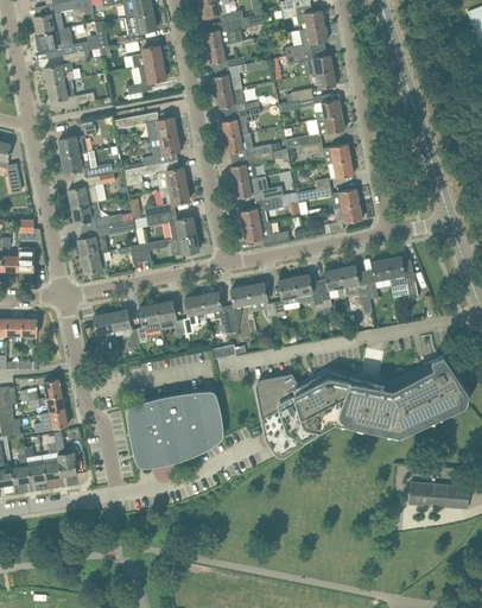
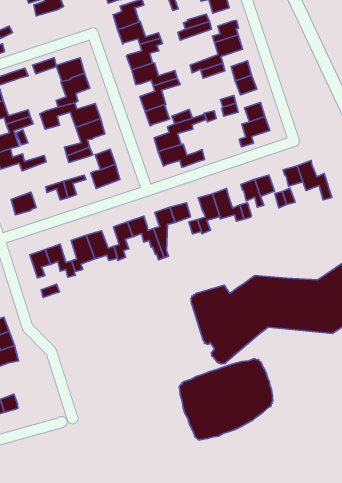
building: [127,62,165,95] -> none
building: [78,221,135,256] -> none
building: [127,390,223,467] -> [179,359,273,440]
building: [55,431,77,476] -> none

